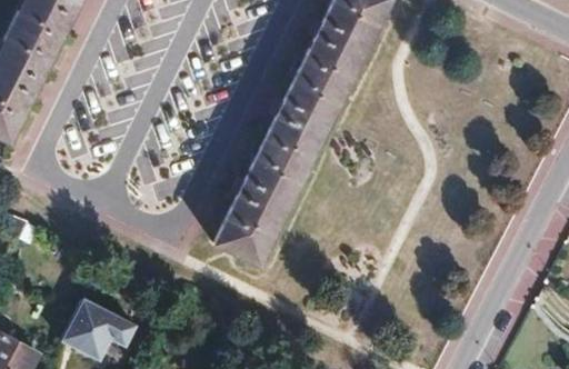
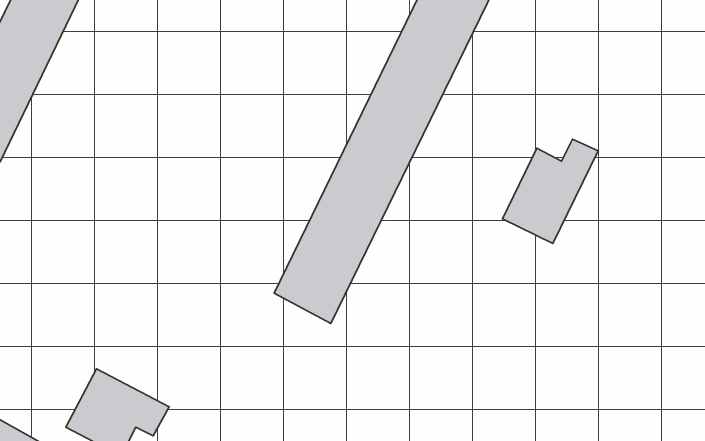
building: none -> [503,139,598,243]

